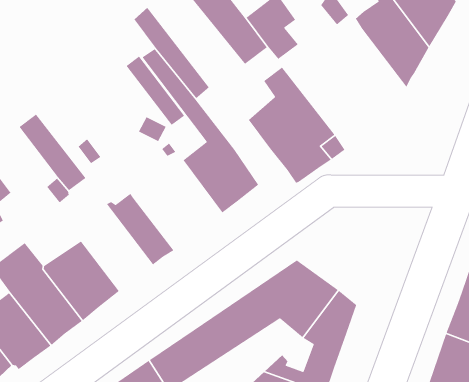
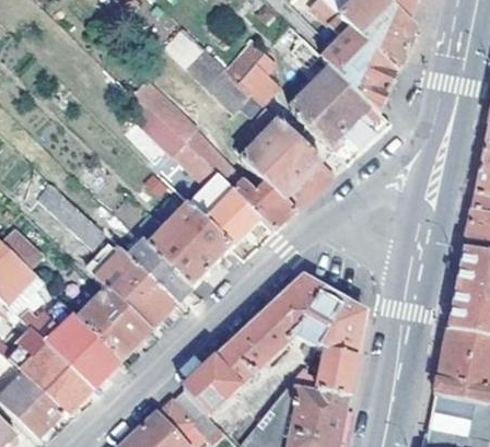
building: none -> [290,63,389,164]
building: none -> [234,179,293,231]
building: none -> [150,204,231,286]
building: none -> [95,250,175,330]

